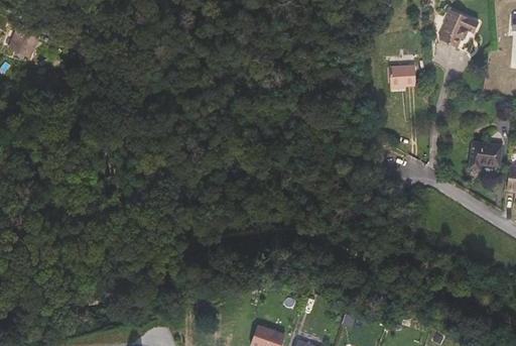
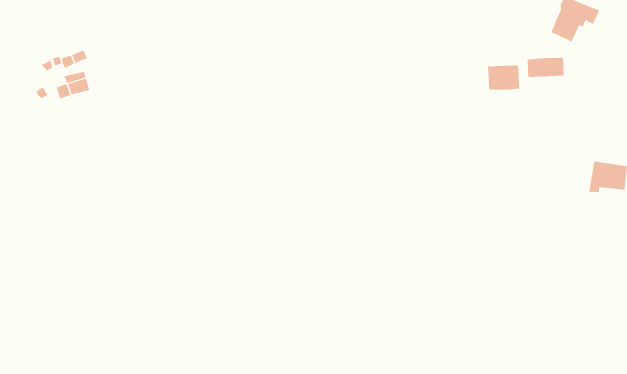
building: [7,23,41,59] -> none
building: none -> [527,57,564,78]

